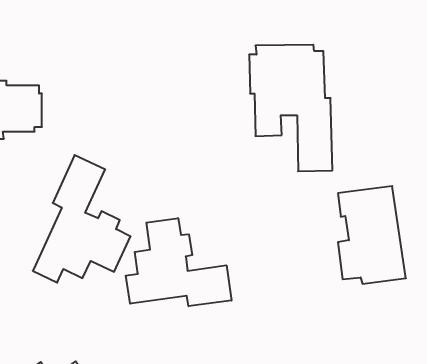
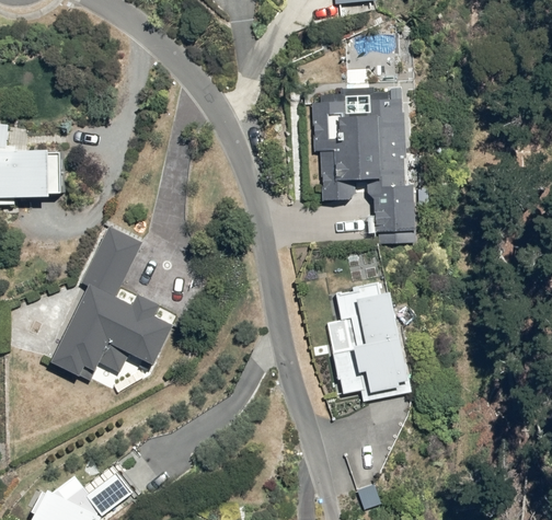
building: [338,186,406,284] -> [334,284,416,402]
building: [126,218,231,306] -> none

